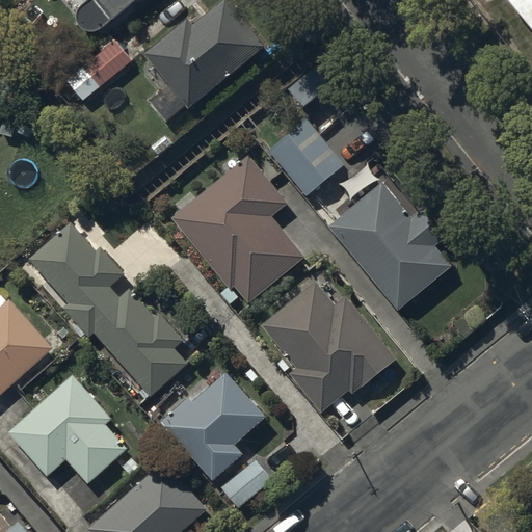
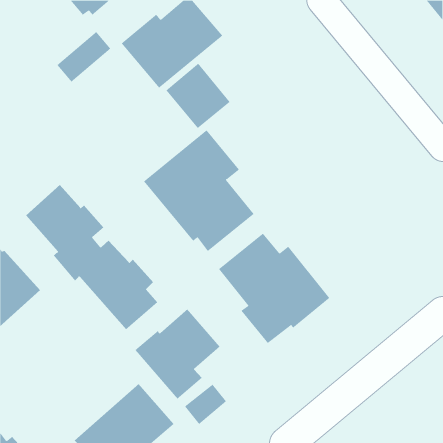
building: [267,116,345,195] -> [166,63,231,129]
building: [327,181,452,309] -> none
building: [8,375,129,484] -> none

